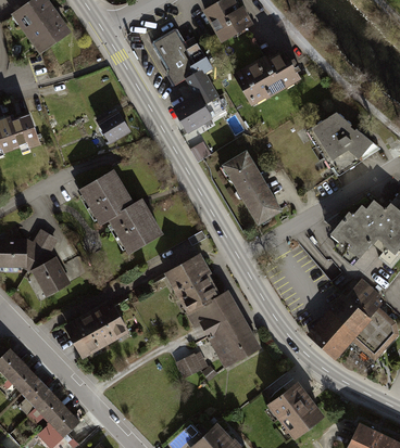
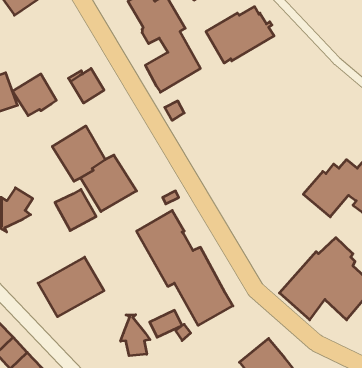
building: [305,112,379,178] -> none
building: none -> [12,74,56,116]
building: [221,148,282,223] -> none
building: [29,256,71,297] -> [55,189,96,231]
building: none -> [121,315,150,356]

